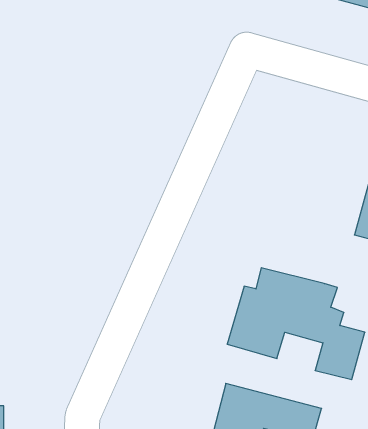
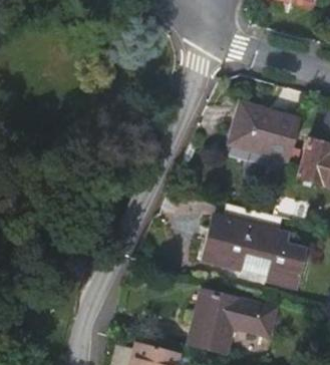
building: none -> [233,104,302,161]

